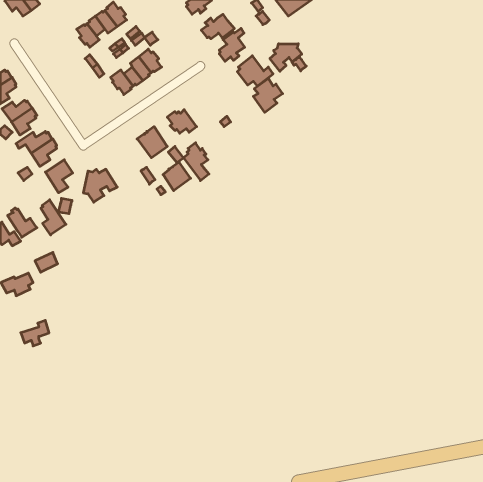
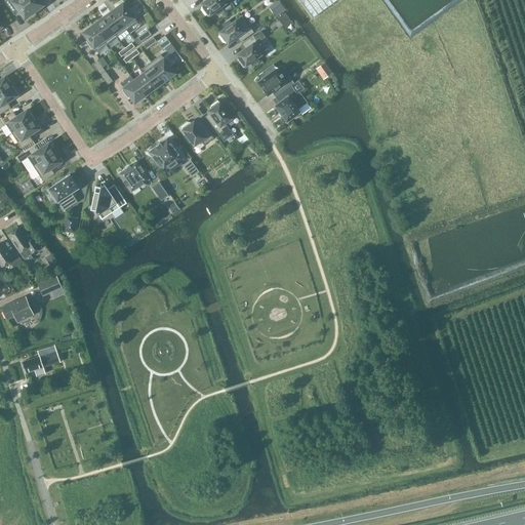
building: [270,44,302,71] -> none
building: [183,143,209,181] -> [205,99,233,140]
building: [163,162,191,191] -> [119,160,149,191]
building: [41,200,66,235] -> none

